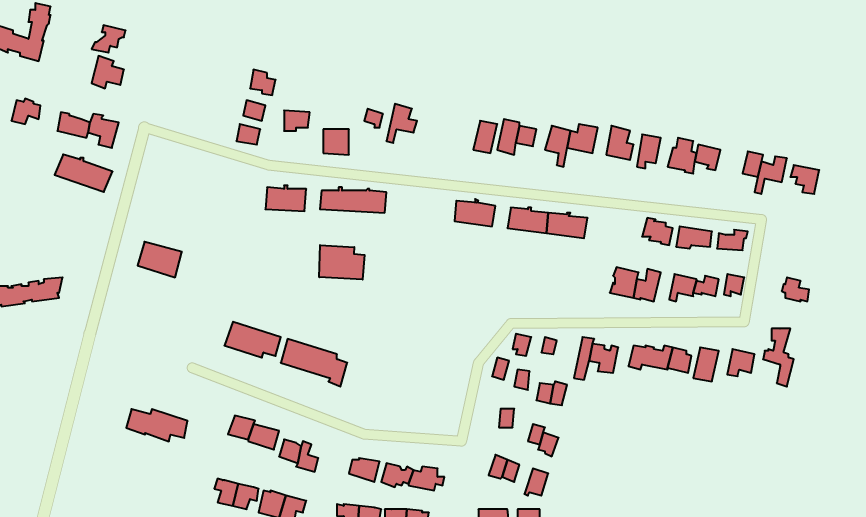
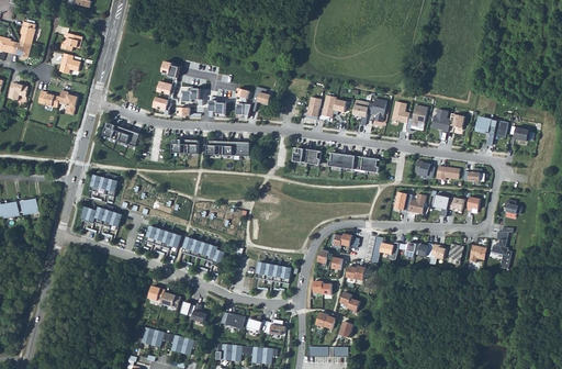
building: [55,154,113,192] -> [102,123,139,147]
building: [319,245,365,280] -> none
building: none -> [255,262,291,284]
building: [126,409,188,441] -> [81,208,121,228]

